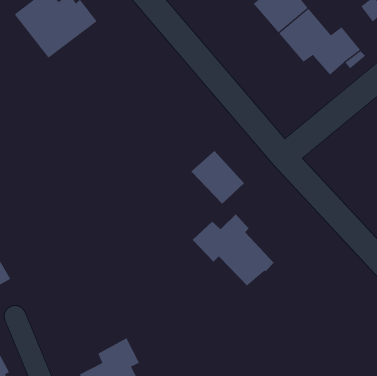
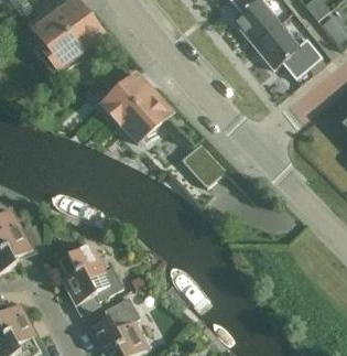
building: none -> [102,73,172,134]
building: [192,213,274,287] -> none
building: none -> [57,244,122,304]

